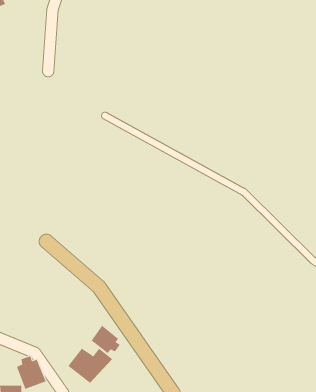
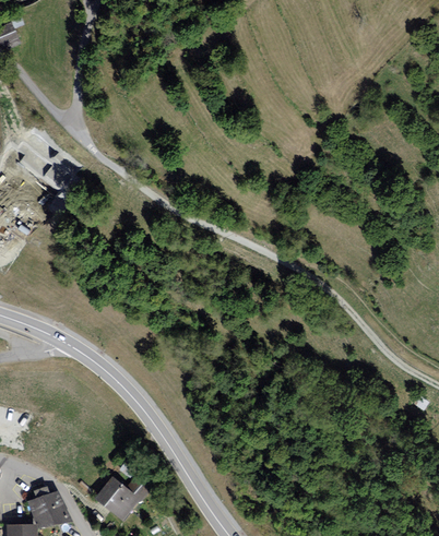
building: [91,325,120,354] -> none

